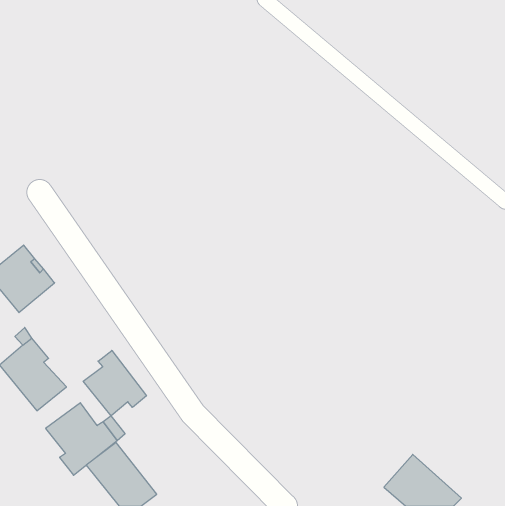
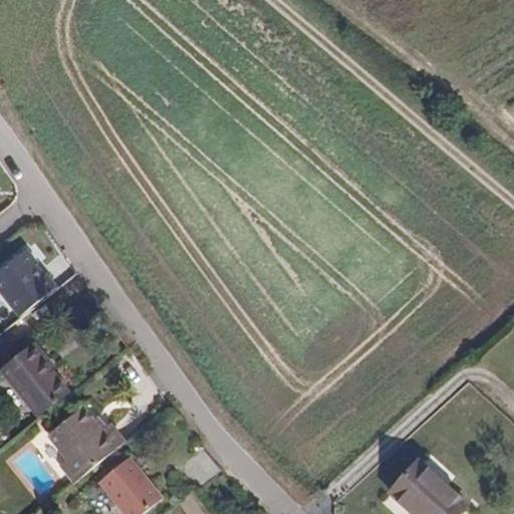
building: [83,350,146,416] -> none

